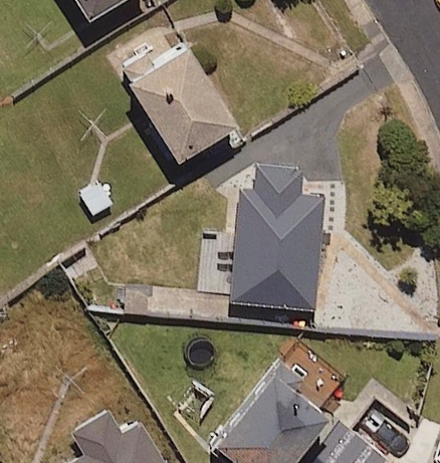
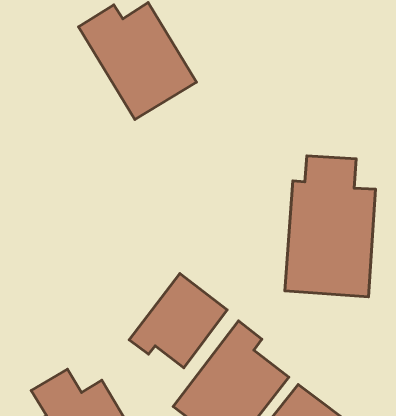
building: [233,166,323,306] -> [285,156,375,297]
building: none -> [129,274,227,368]

